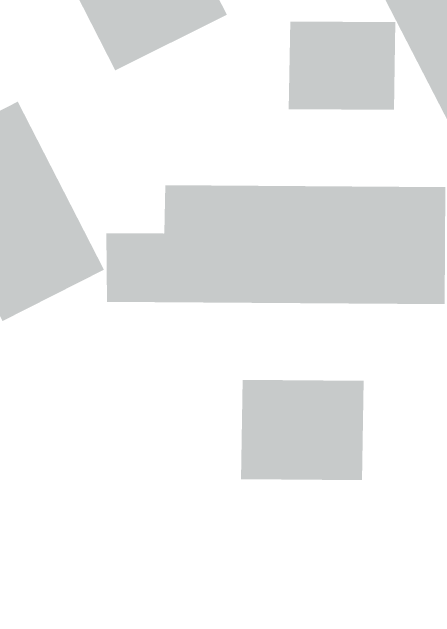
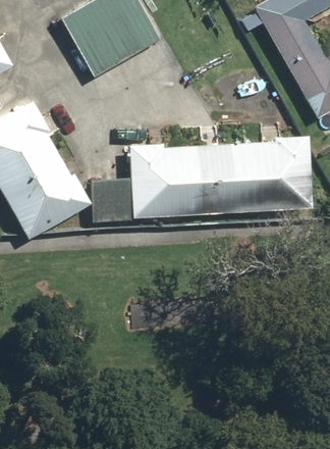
building: [288,21,396,110] -> none
building: [241,379,364,481] -> none

